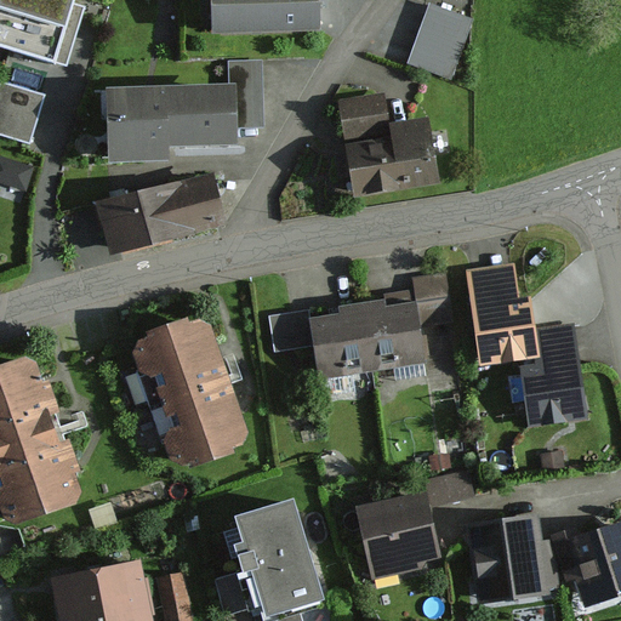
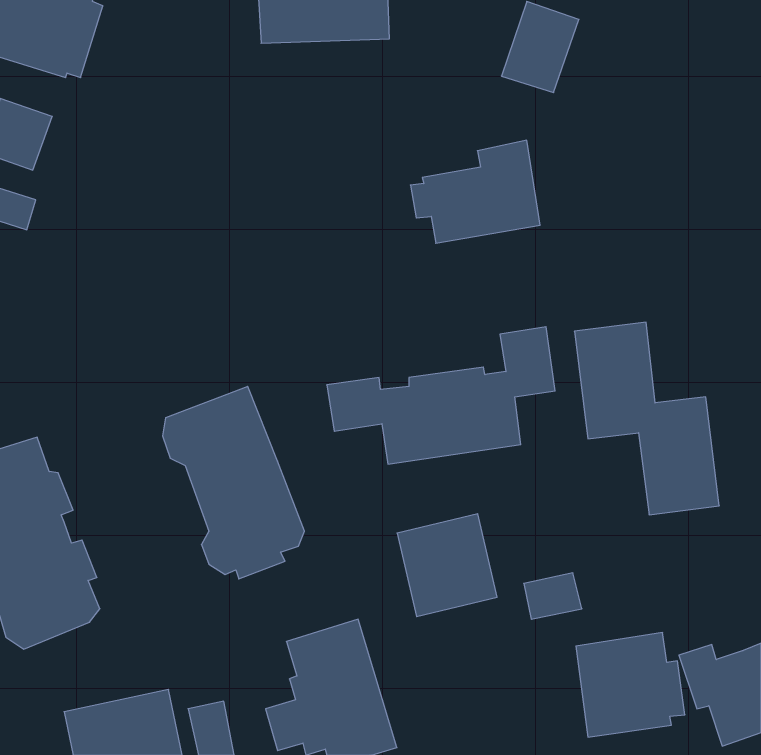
building: [108,57,261,166] -> none
building: [336,91,391,144] -> none
building: [97,171,227,253] -> none
building: [355,490,437,574] -> [397,514,497,617]

